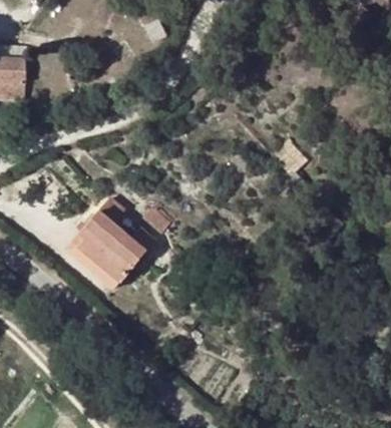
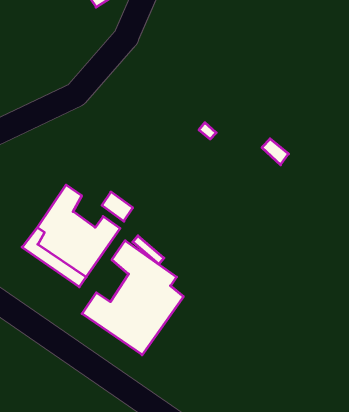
building: none -> [82,241,183,355]

